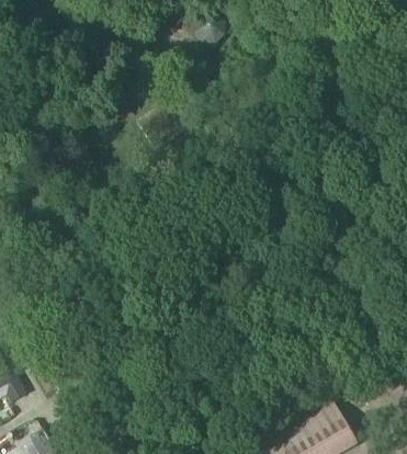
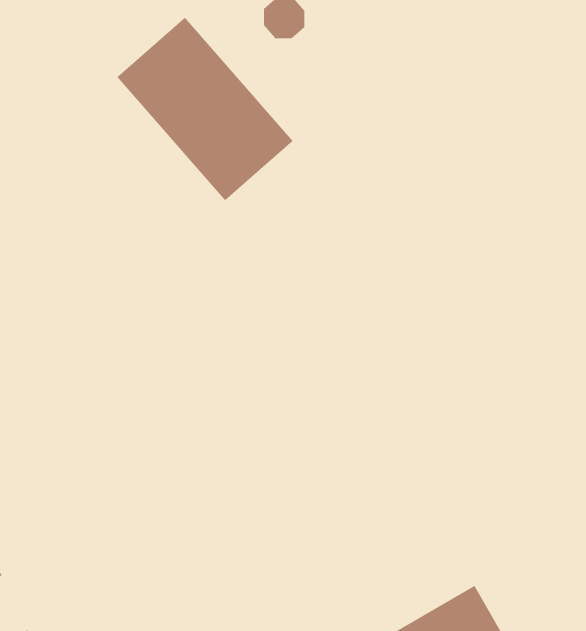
building: none -> [117,17,294,201]

